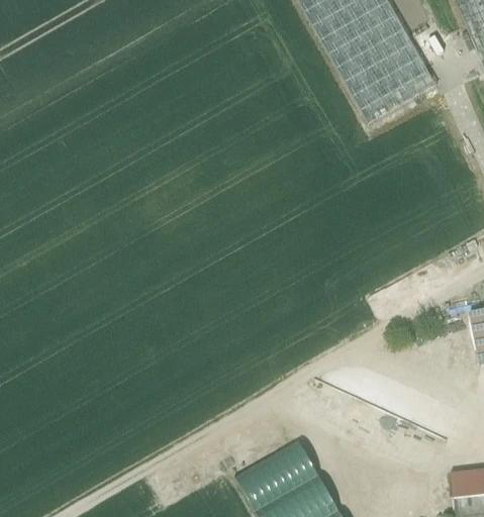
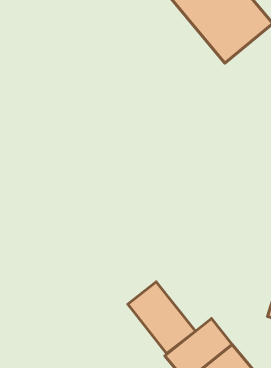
building: none -> [128,282,196,353]

